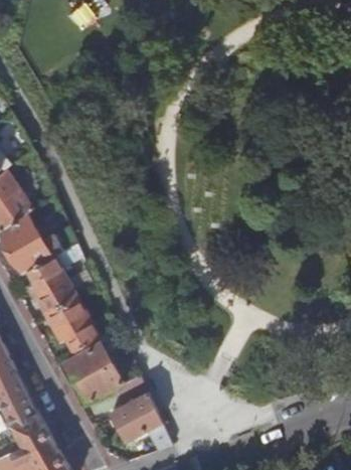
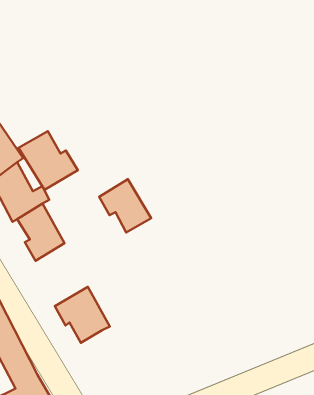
building: none -> [18,131,78,190]
building: [45,297,100,352] -> [99,179,151,233]
building: [109,374,171,448] -> none

